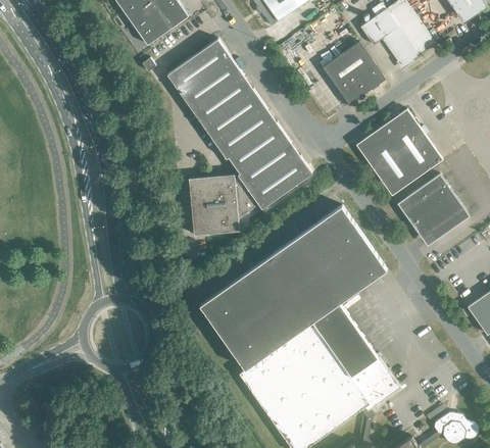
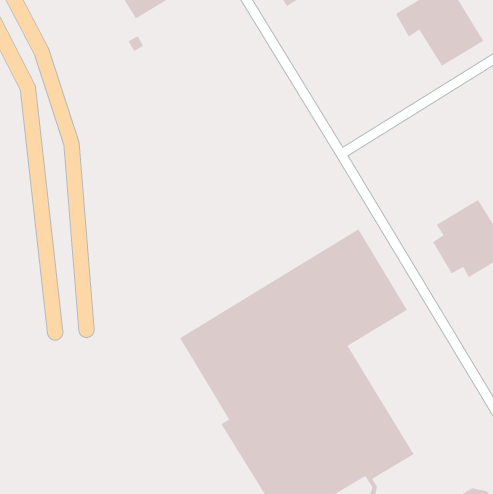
building: [167,39,311,235] -> none
building: [322,41,385,105] -> none
building: [356,109,442,195] -> none

